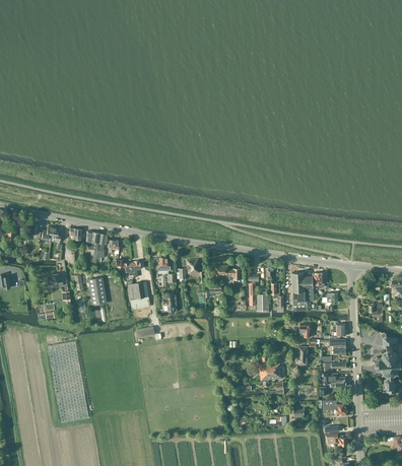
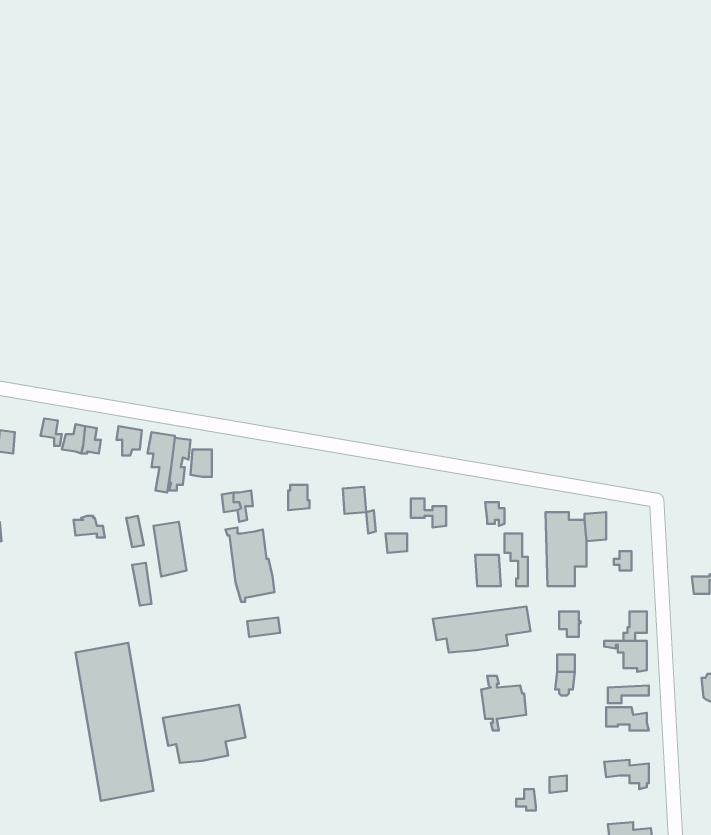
building: none -> [433,606,531,653]
building: none -> [163,705,246,763]

